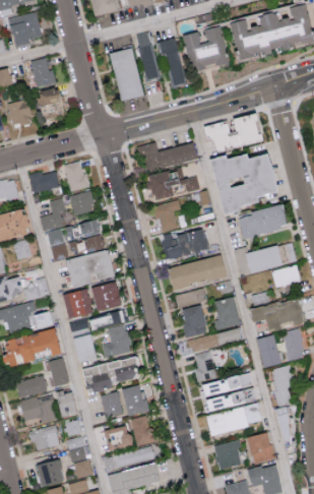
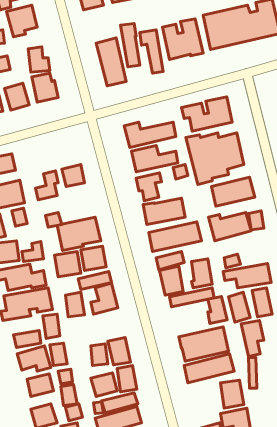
building: [65,162,91,192] -> none
building: [28,171,60,193] -> none
building: [48,221,104,252] -> none
building: [272,266,301,288] -> none
building: [195,352,216,382] -> [208,296,227,324]
building: [82,357,139,393] -> none
building: [216,441,242,468] -> none

